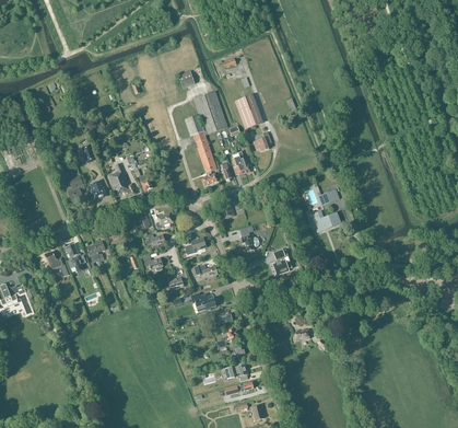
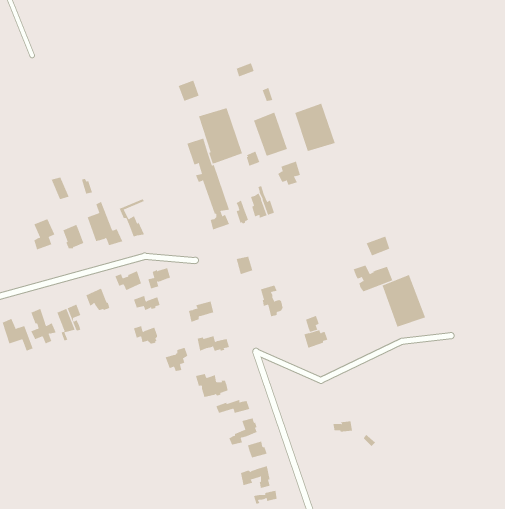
building: none -> [295,103,336,152]
building: none -> [382,274,426,327]

